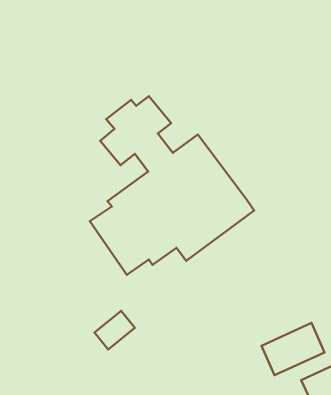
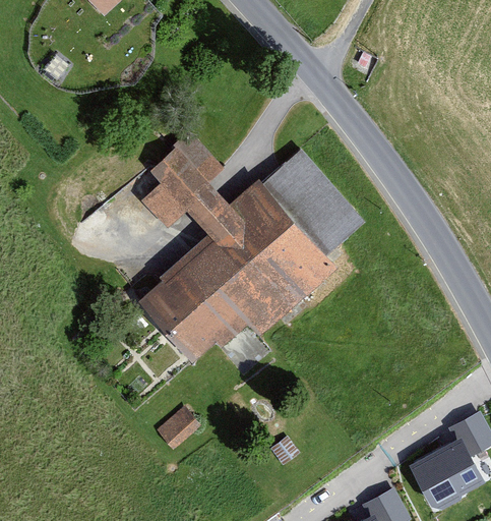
building: none -> [259,147,364,254]
building: [261,323,325,375] -> none

